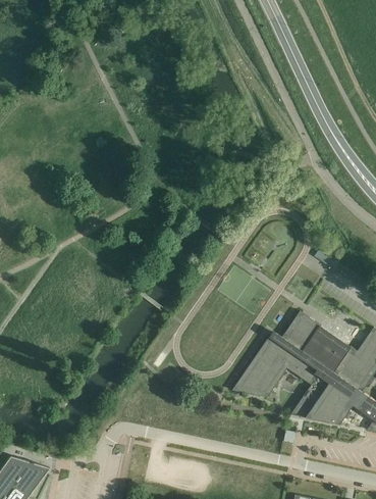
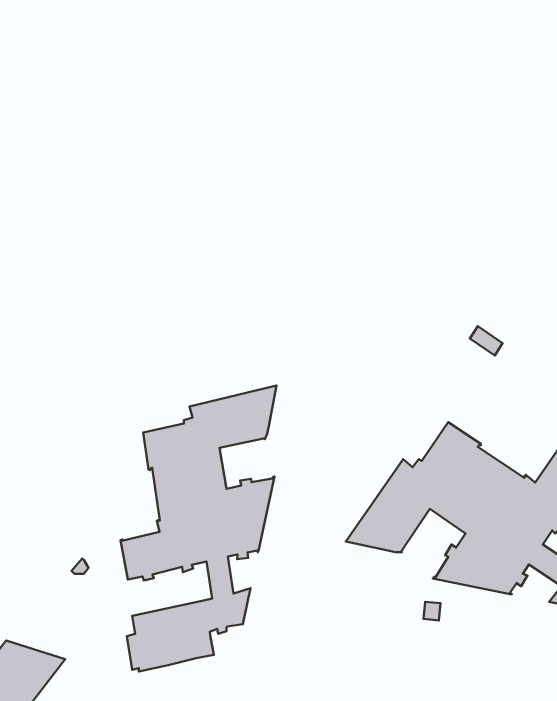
building: none -> [121,386,277,671]

